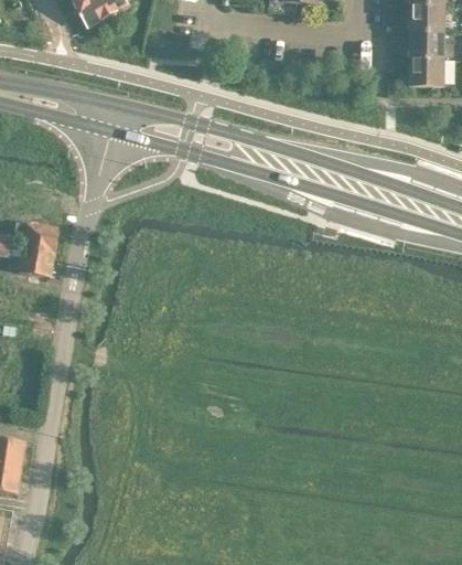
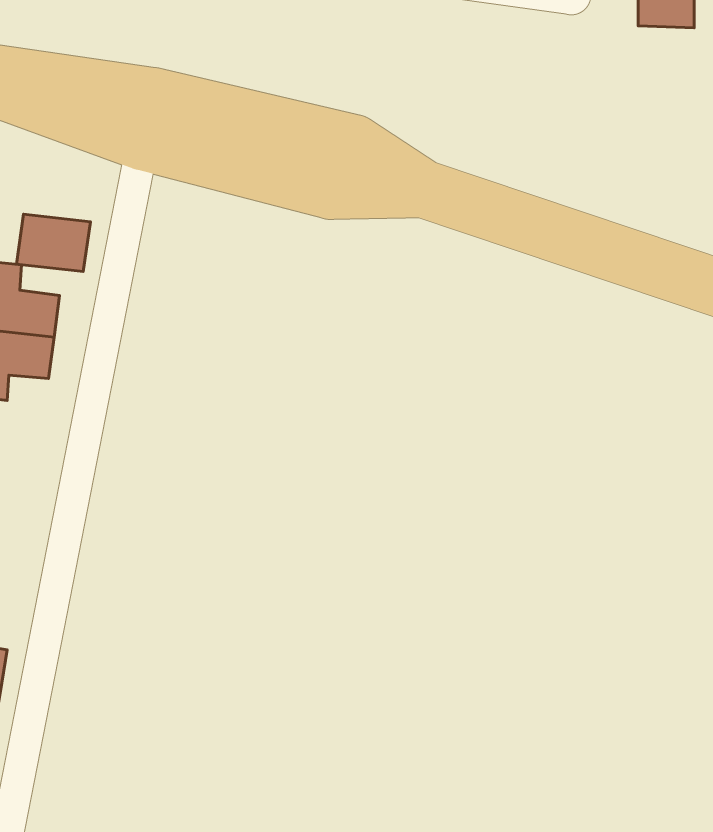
building: [409,57,443,86] -> none
building: none -> [16,214,90,272]

